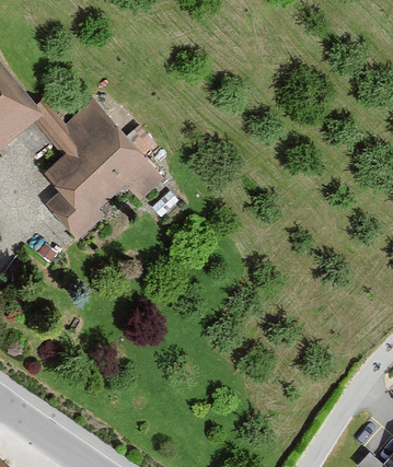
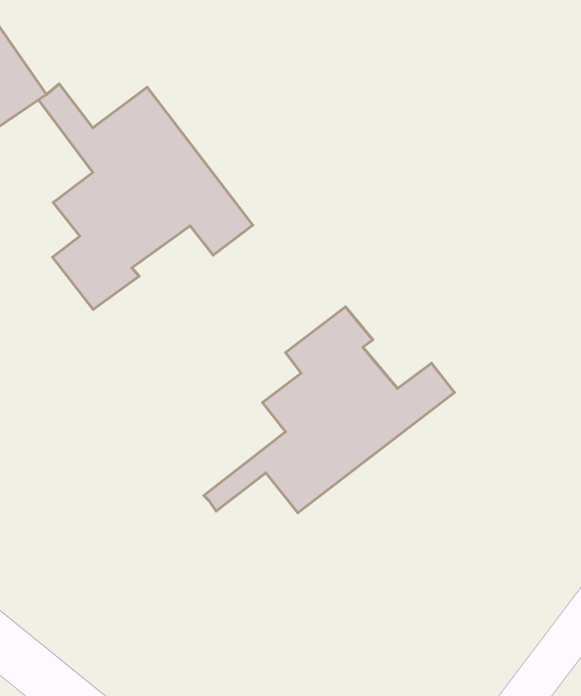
building: none -> [204,307,455,513]

